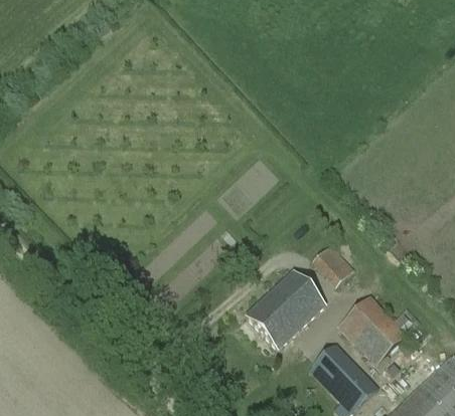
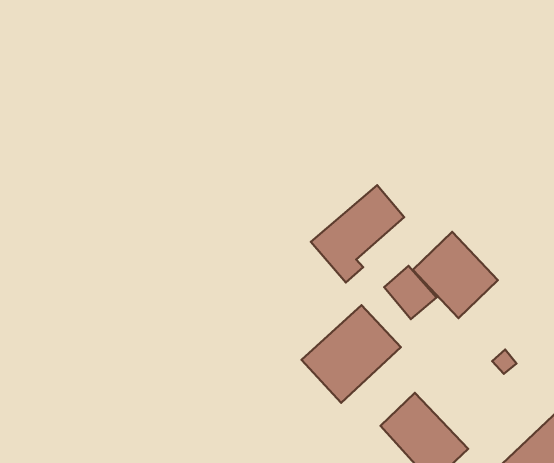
building: none -> [311,185,404,282]
building: [338,295,406,364] -> [413,232,498,318]

